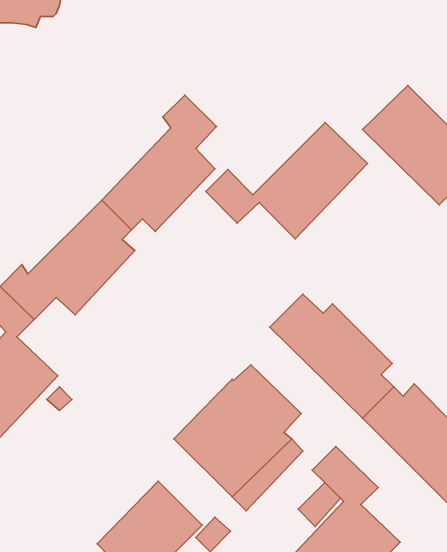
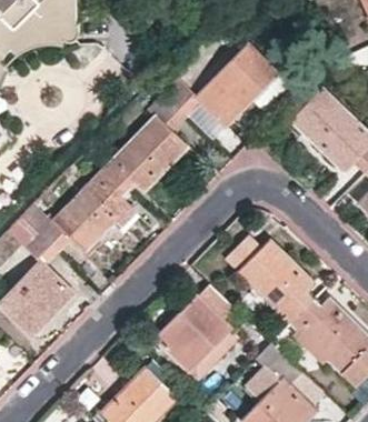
building: [206,123,367,239] -> [165,46,279,128]

